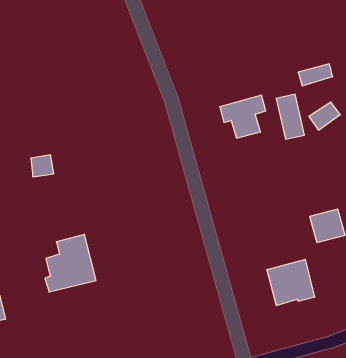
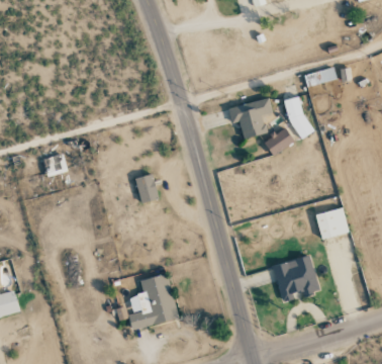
building: [309,102,340,130] -> [264,128,294,156]
building: none -> [134,174,158,203]
building: [45,234,96,292] -> [128,274,178,330]

